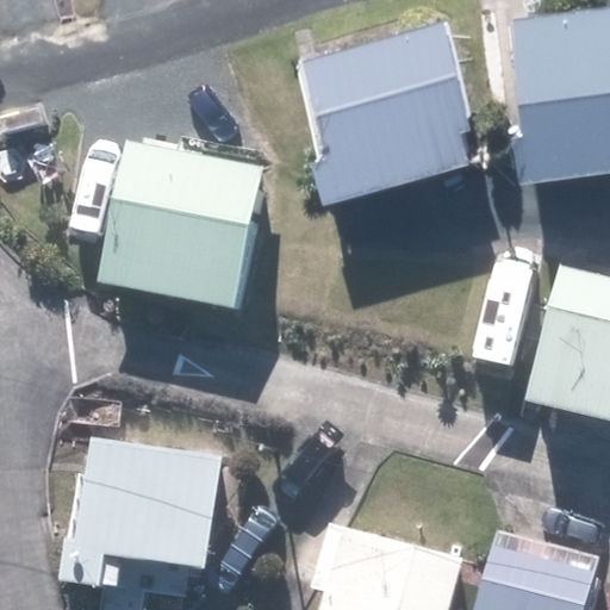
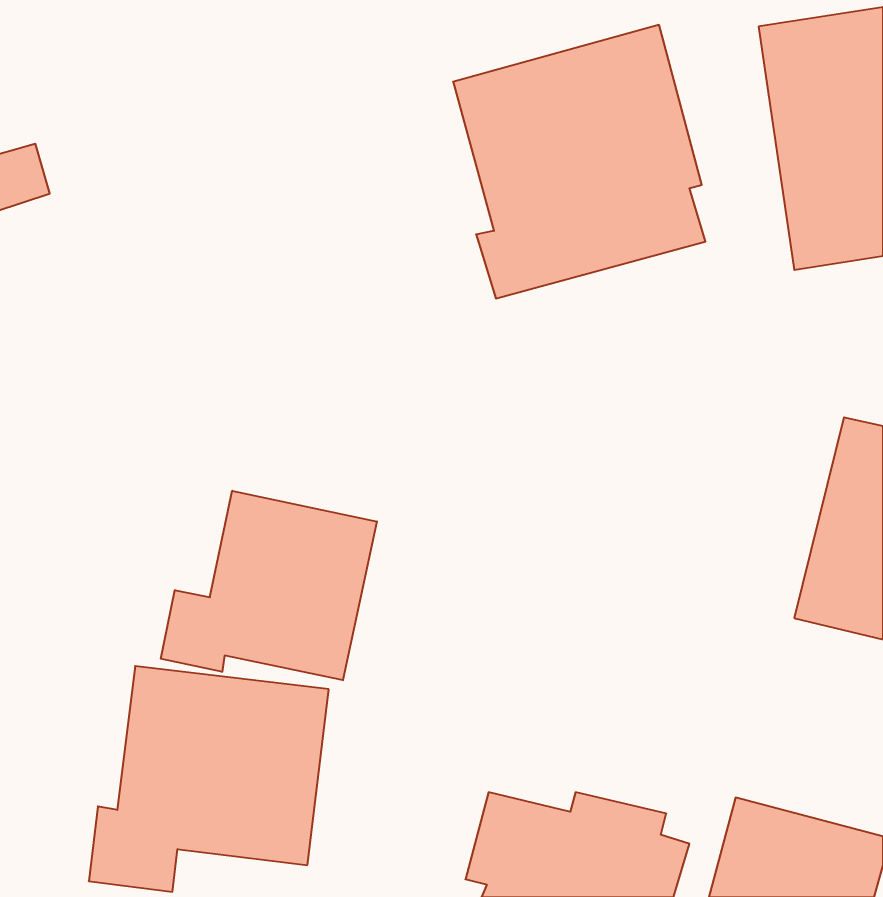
building: [93,147,261,317] -> none
building: none -> [161,491,377,680]

